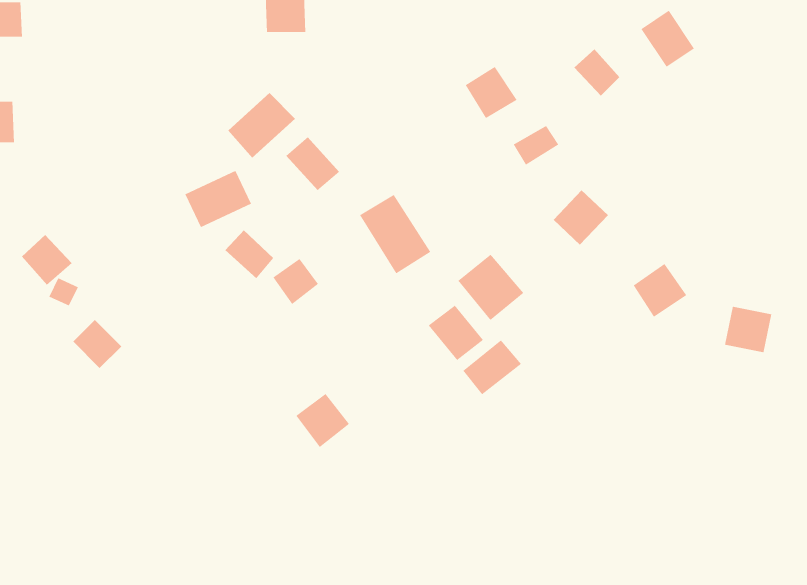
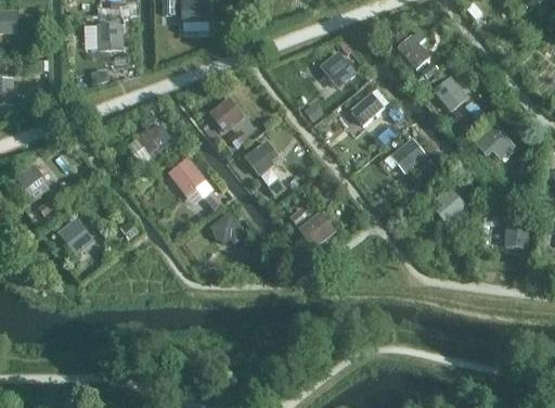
building: [640,10,695,68] -> [436,75,473,114]
building: none -> [92,26,125,47]
building: [227,92,296,158] -> none
building: none -> [478,122,519,163]
building: [458,254,524,321] -> none
building: [463,339,522,395] -> none
building: [296,393,350,448] -> [211,212,248,248]

